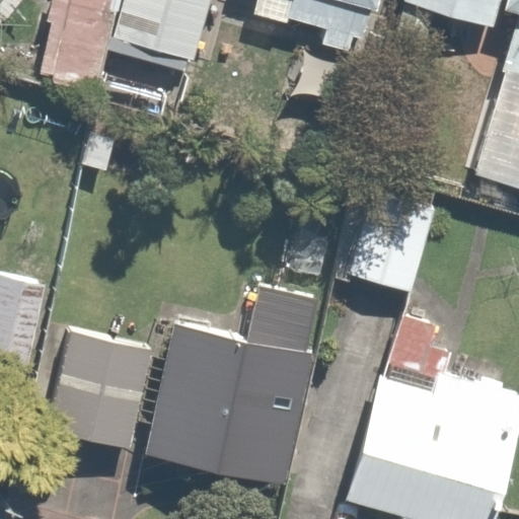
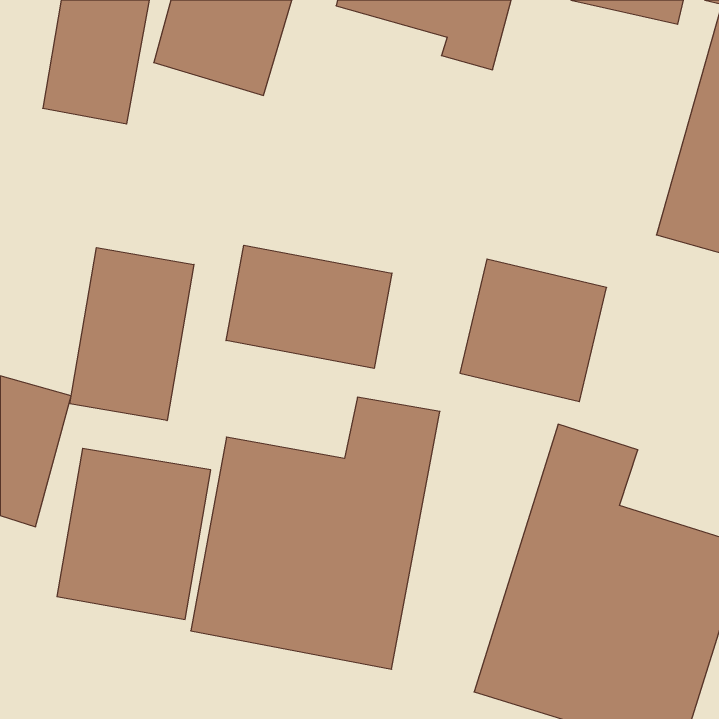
building: none -> [226,245,392,368]
building: none -> [70,248,194,421]

